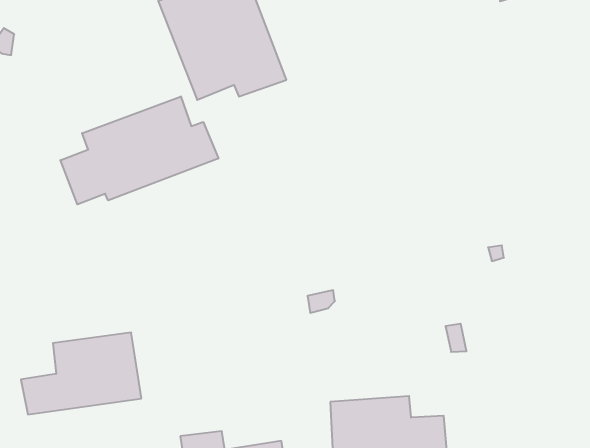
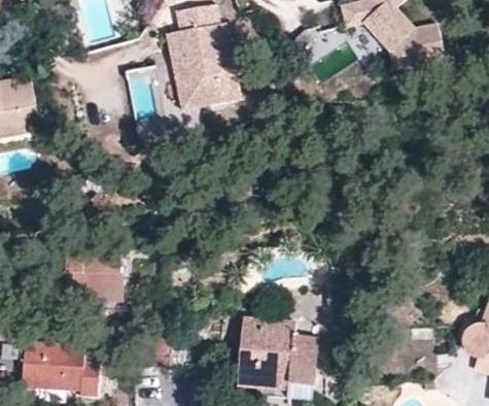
building: [60,96,218,204] -> none

